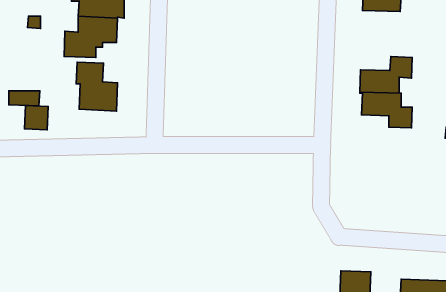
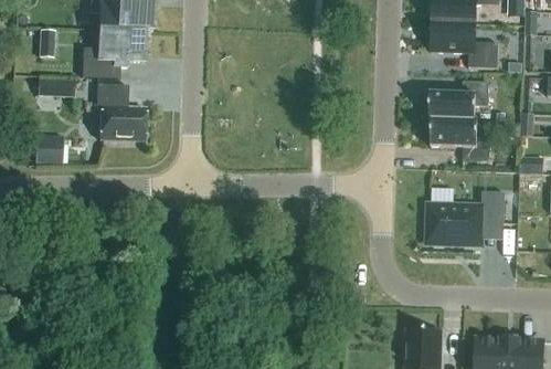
building: none -> [431,22,498,68]
building: [9,91,40,106] -> [36,78,73,96]
building: none -> [427,190,504,243]

